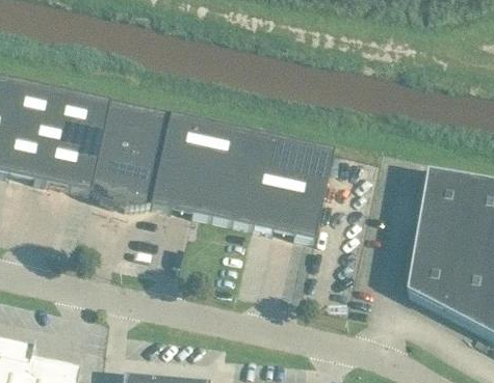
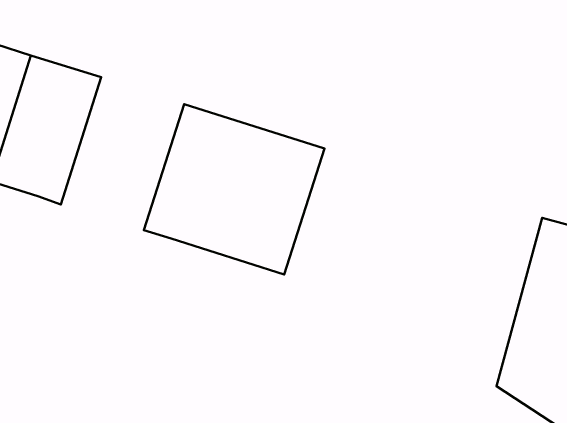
building: [73,99,170,220] -> none
building: [252,134,333,239] -> none

